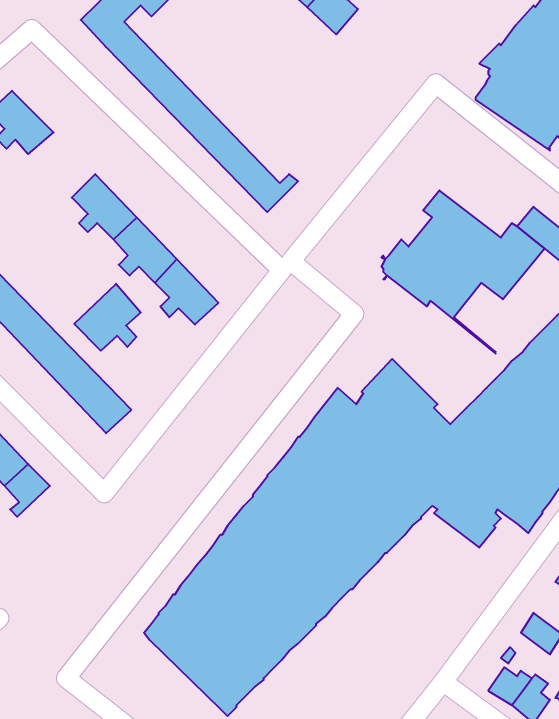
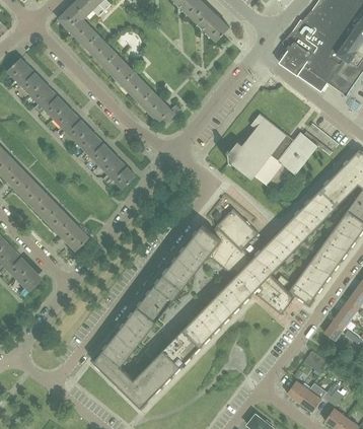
building: none -> [202,12,230,41]
building: none -> [29,81,67,118]
building: [74,284,141,351] -> none

